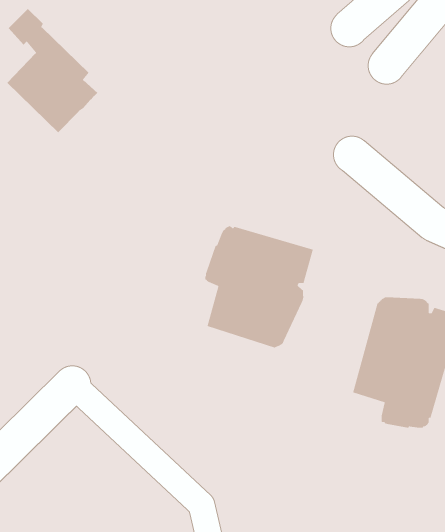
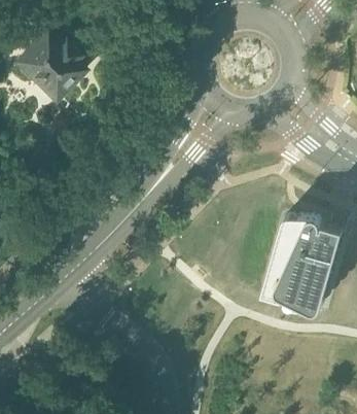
building: [204,225,314,348] -> none

